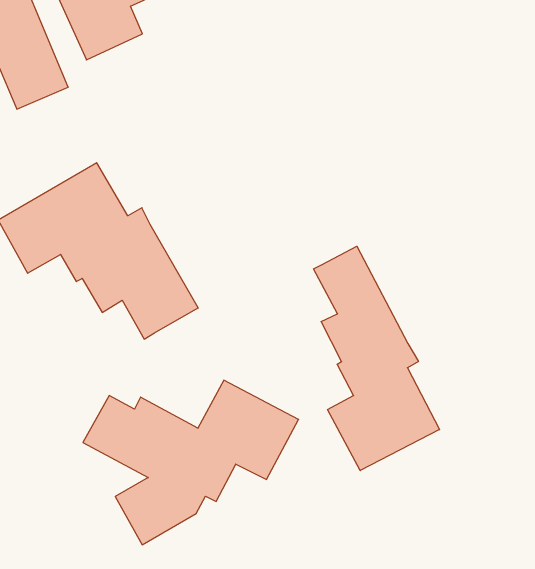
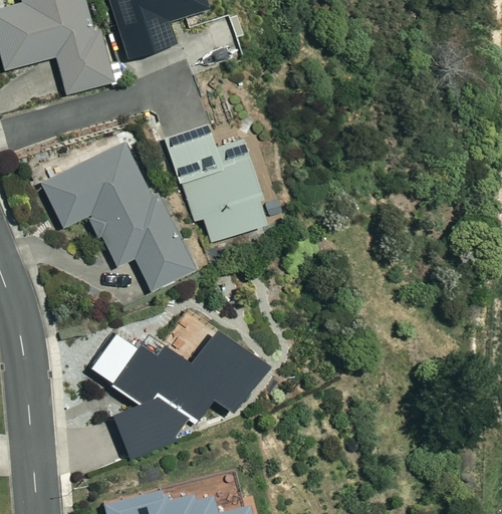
building: none -> [156,117,269,247]
building: [314,246,440,471] -> none

